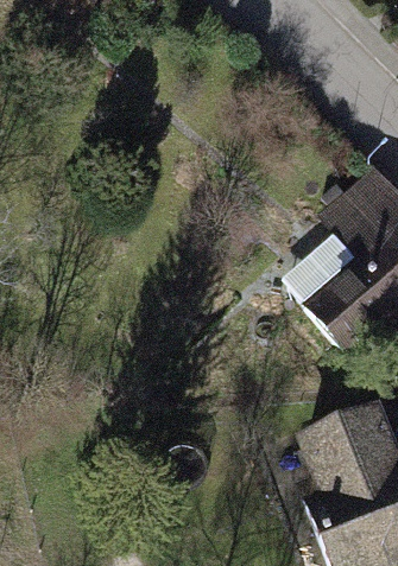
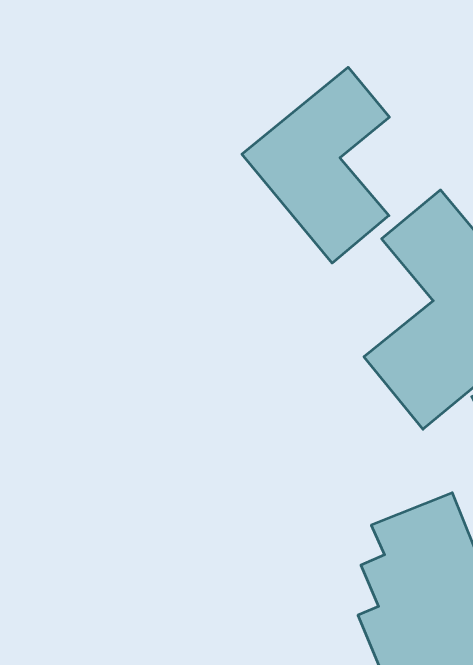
building: none -> [242,67,389,263]

